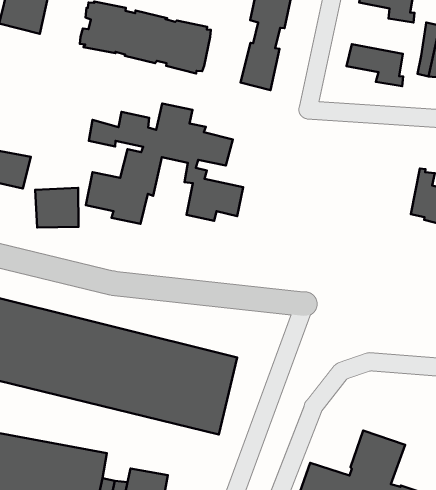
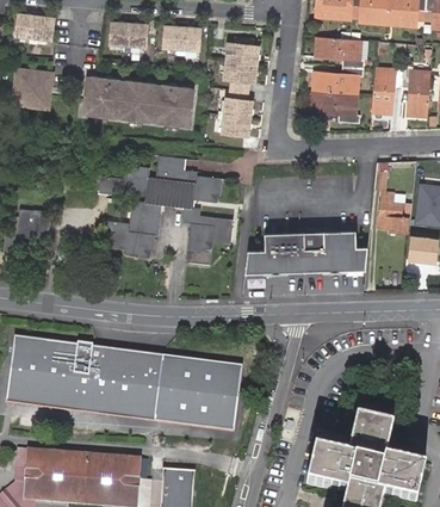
building: none -> [312,63,362,92]
building: [35,188,79,227] -> none
building: none -> [246,235,368,277]

